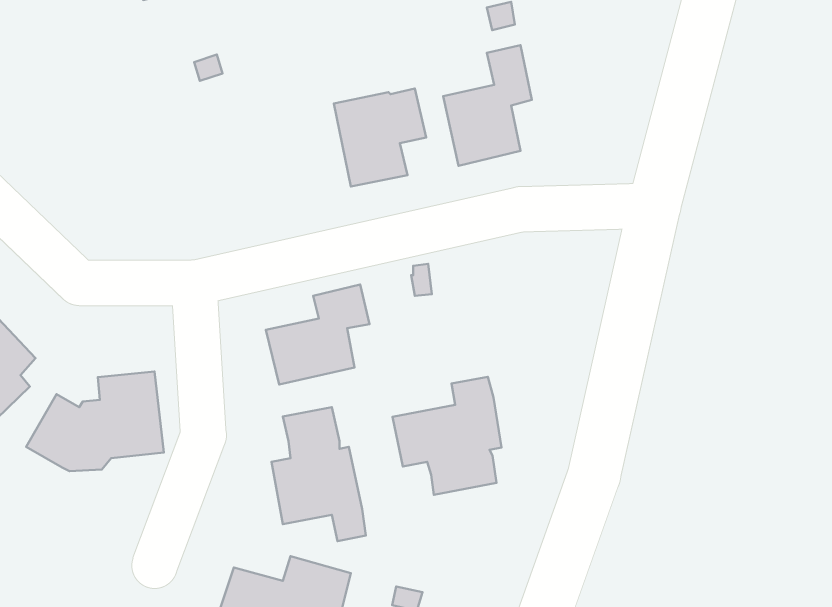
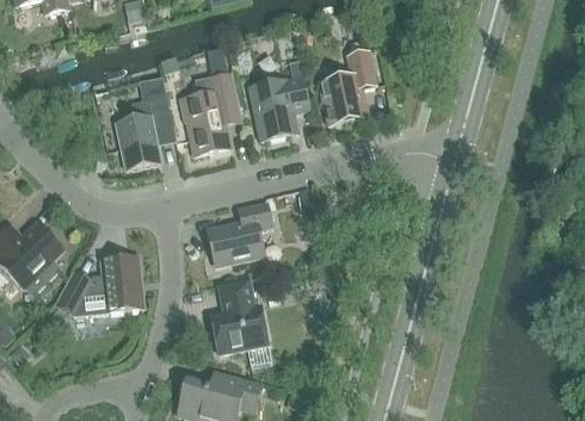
building: none -> [179,73,236,153]
building: none -> [115,94,171,168]
building: [393,377,501,495] -> none

